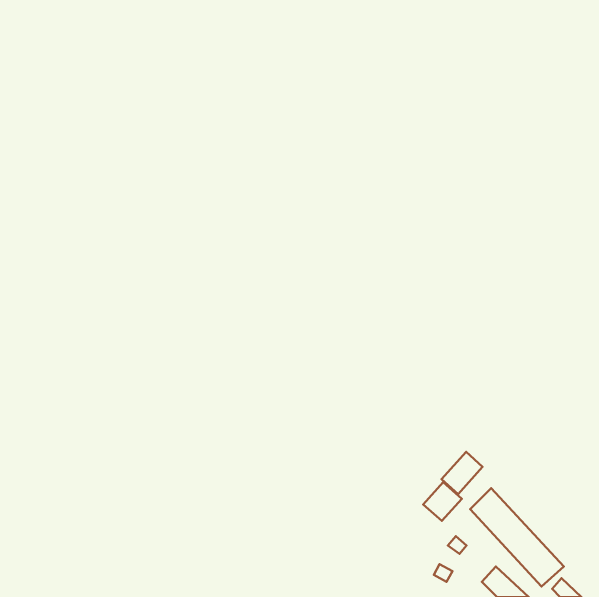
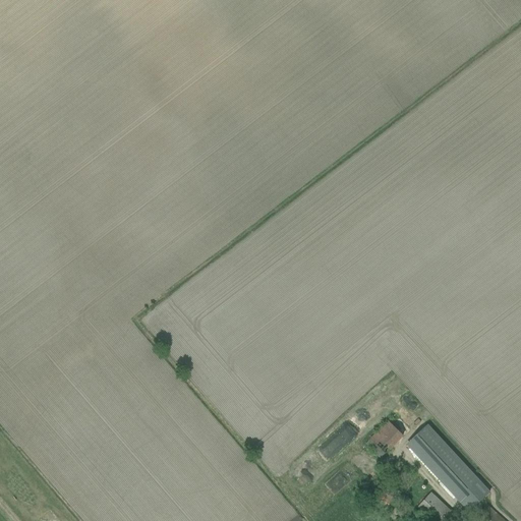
building: [442,452,483,494] -> none

